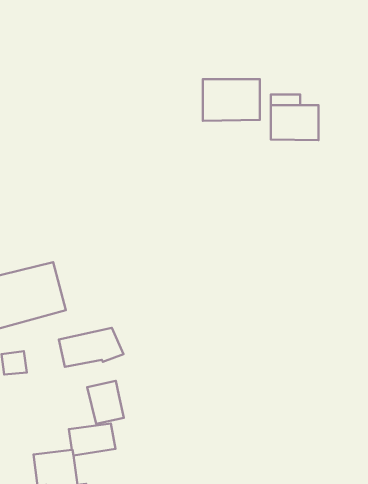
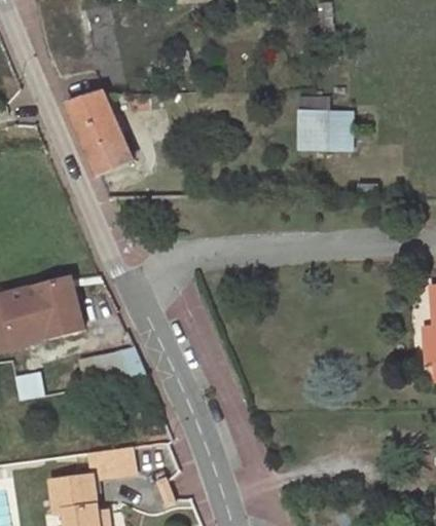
building: [203,79,260,121] -> none
building: none -> [66,93,131,175]
building: [87,381,124,424] -> none

